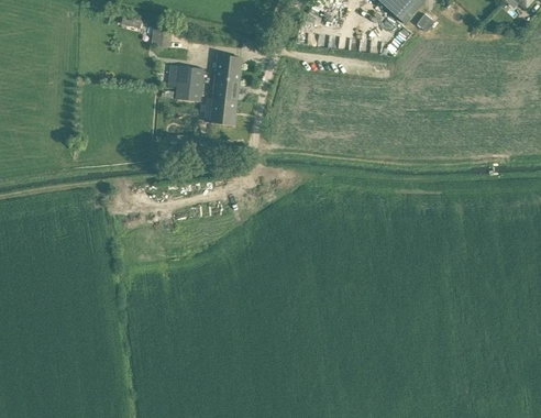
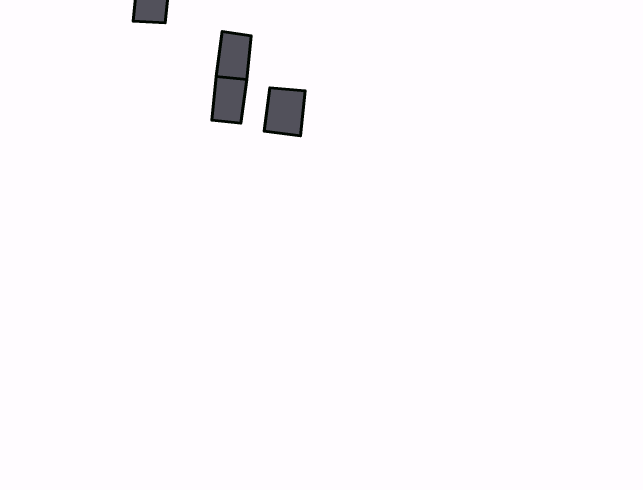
building: [173,69,202,104] -> none
building: none -> [264,88,305,136]

